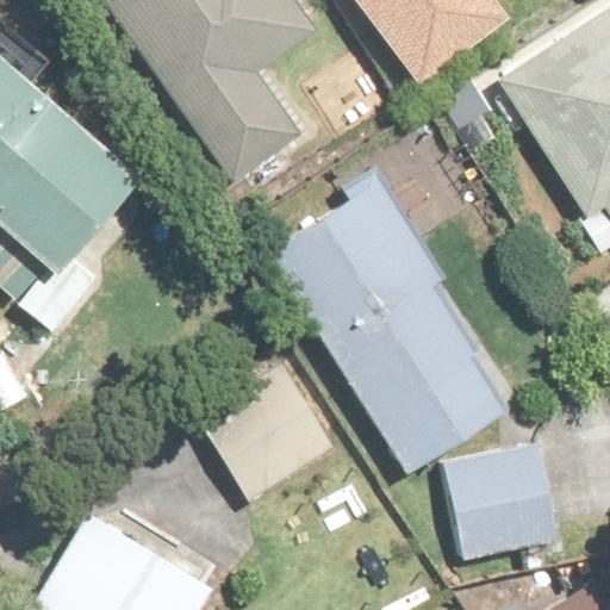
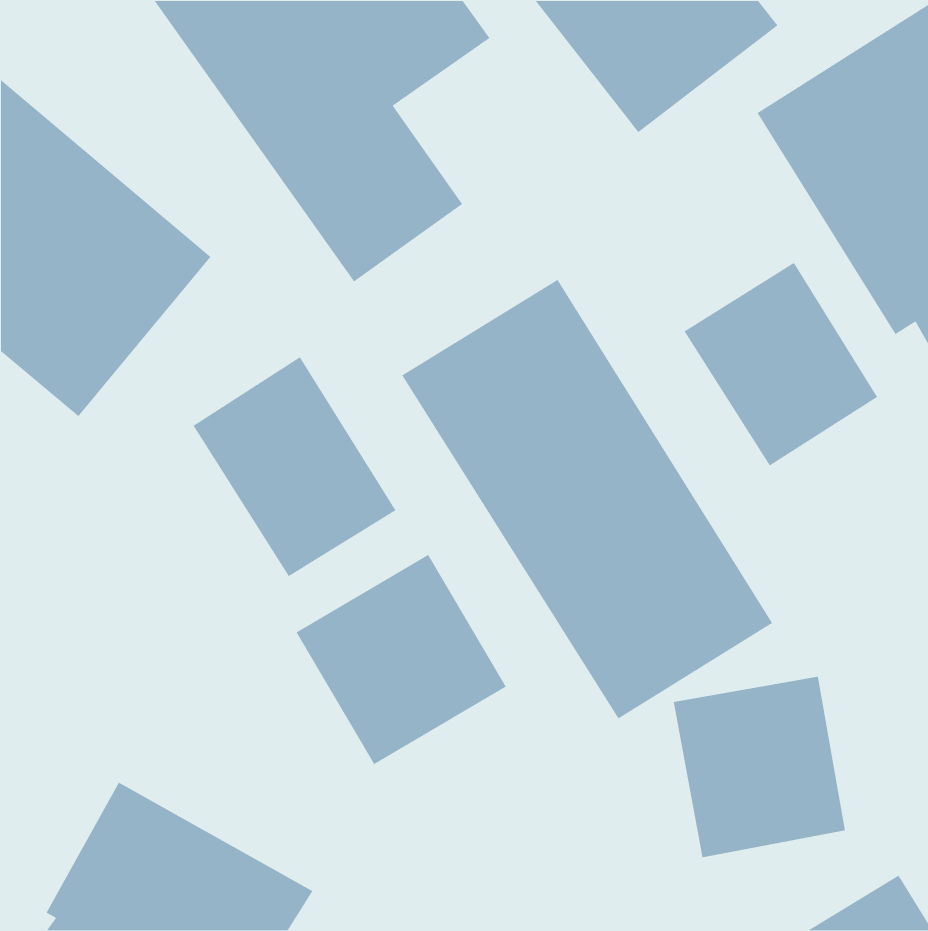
building: none -> [683,262,878,467]
building: none -> [192,356,396,577]

